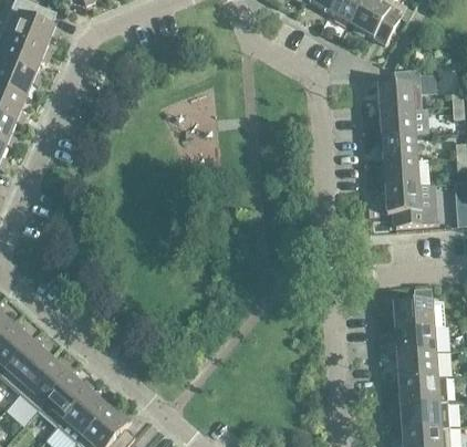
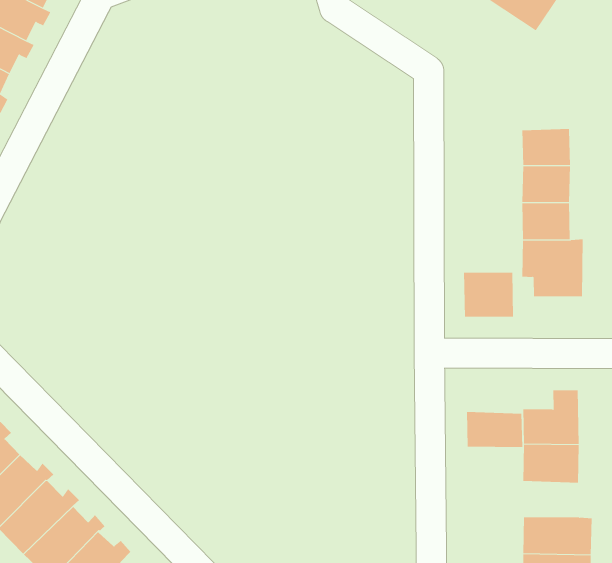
building: [377,69,422,112] -> none
building: none -> [464,272,514,318]
building: [396,352,437,377] -> [466,411,523,447]

